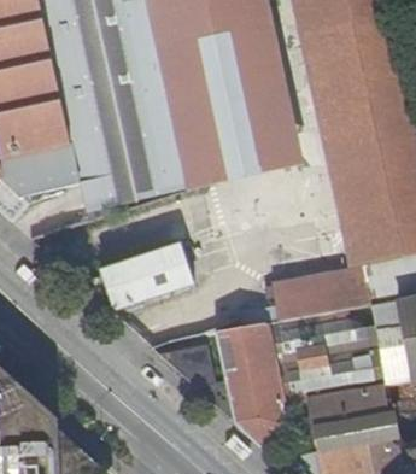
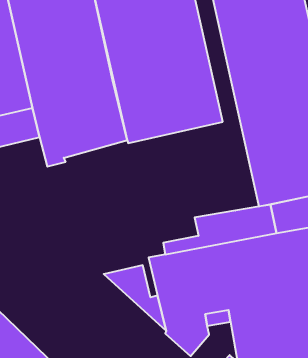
building: [98,241,194,312] -> none

